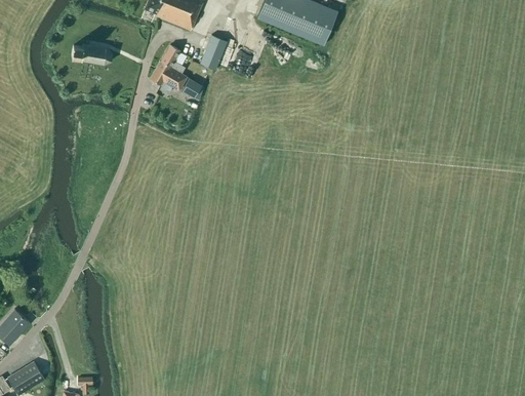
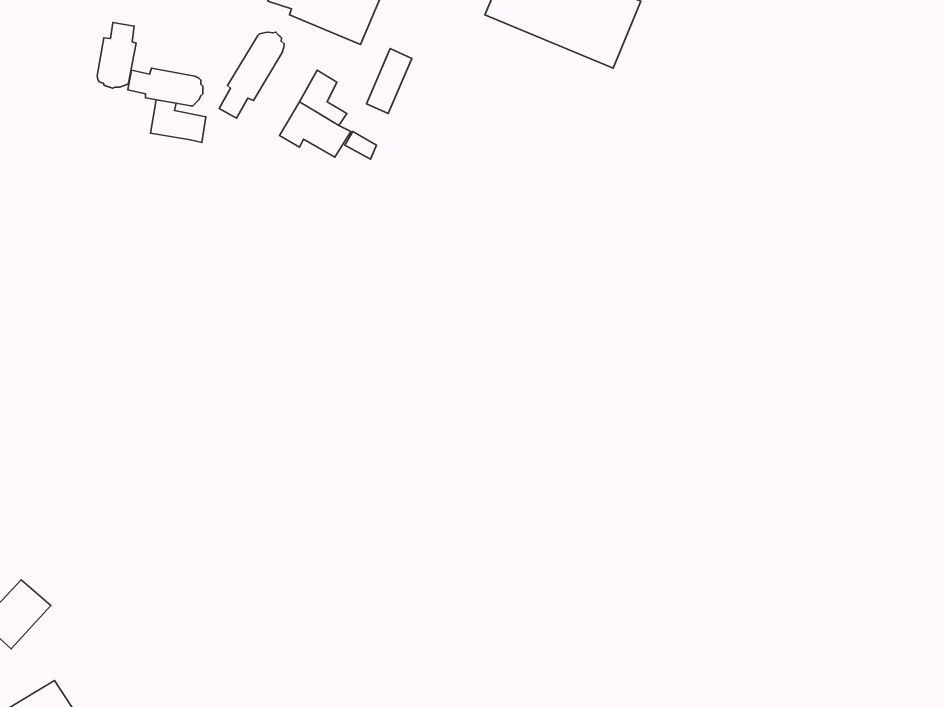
building: none -> [97,23,136,88]
building: none -> [219,32,284,118]
building: none -> [151,100,206,142]

